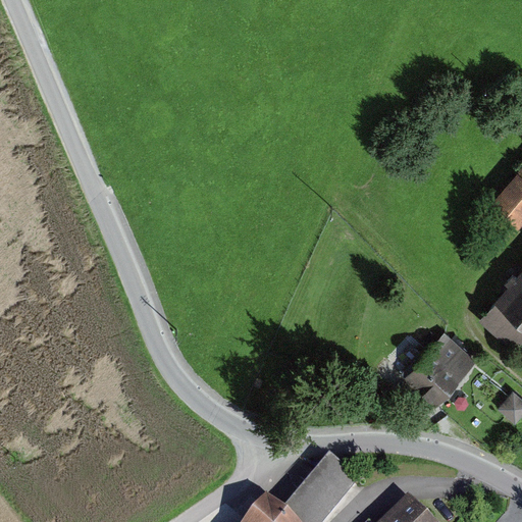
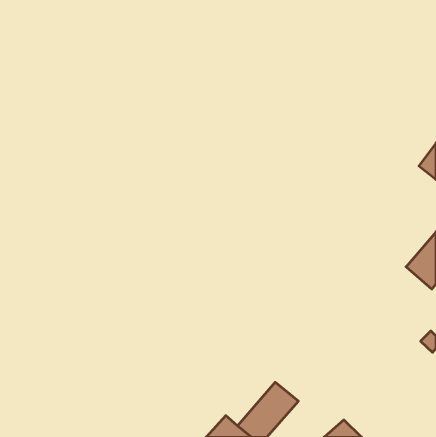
building: [409,334,478,405] -> none

